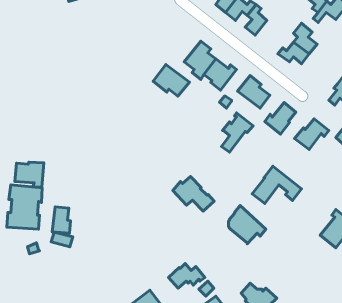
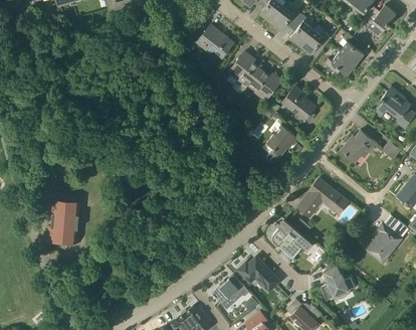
building: none -> [300,30,332,53]
building: [153,65,190,96] -> [197,25,234,57]
building: [265,102,296,134] -> none
building: [15,162,44,187] -> none
building: [173,177,214,211] -> [238,257,280,292]
building: [52,207,70,233] -> none
building: none -> [321,266,355,301]

